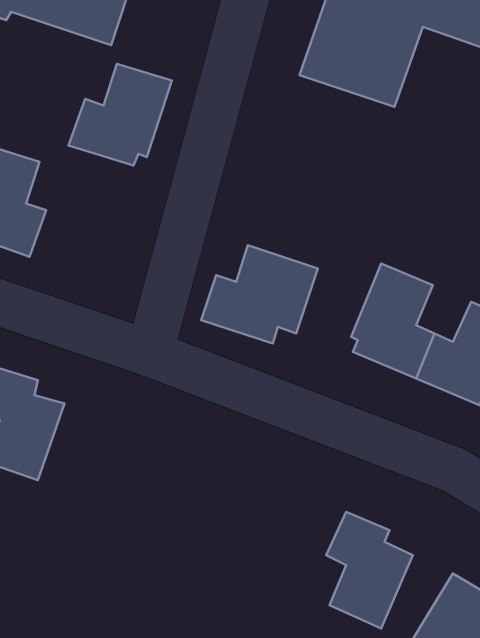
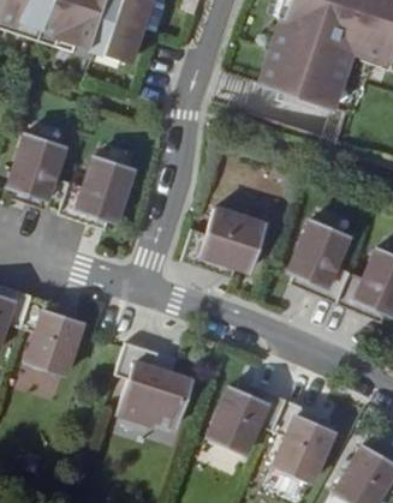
building: [68,64,172,165] -> [59,155,133,228]
building: none -> [117,340,195,424]
building: none -> [208,384,287,453]

